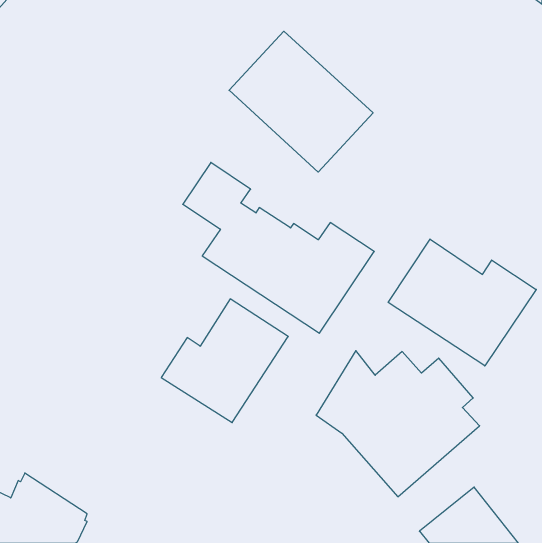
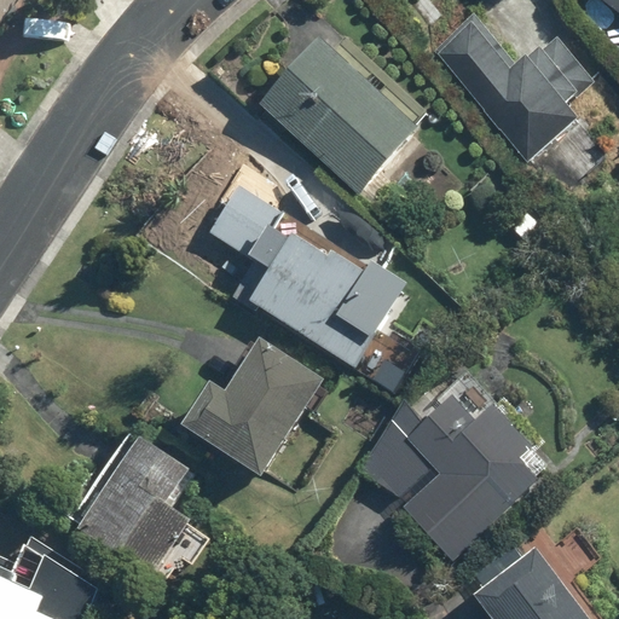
building: none -> [428,11,590,164]
building: [388,239,536,366] -> none
building: none -> [75,434,189,577]

